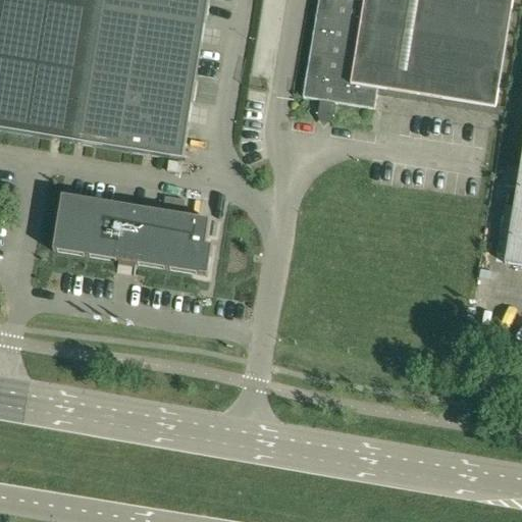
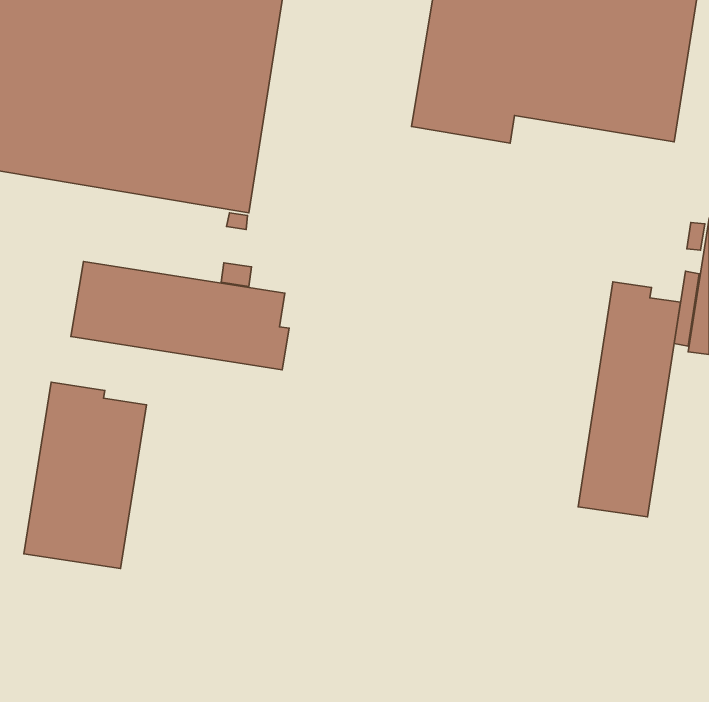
building: none -> [578,282,681,517]
building: none -> [24,382,147,569]

